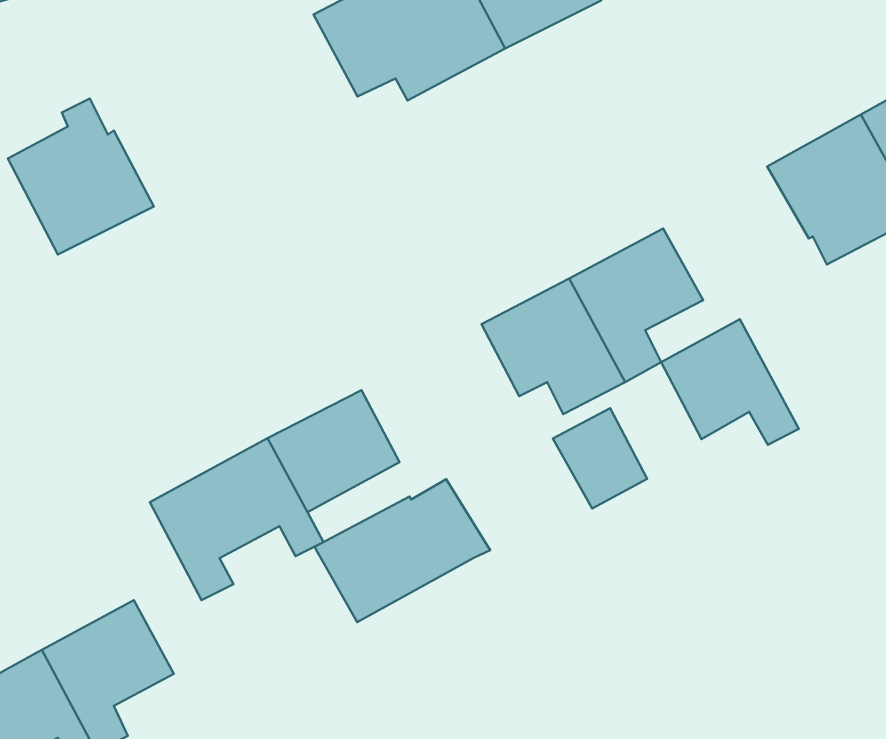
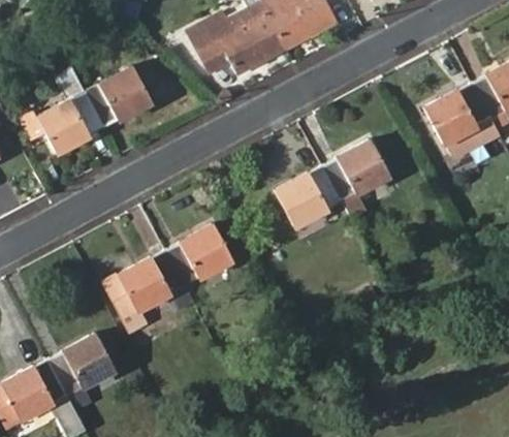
building: none -> [86,65,152,128]
building: [661,319,799,445] -> none
building: [553,408,647,509] -> none
building: [315,479,490,622] -> none

